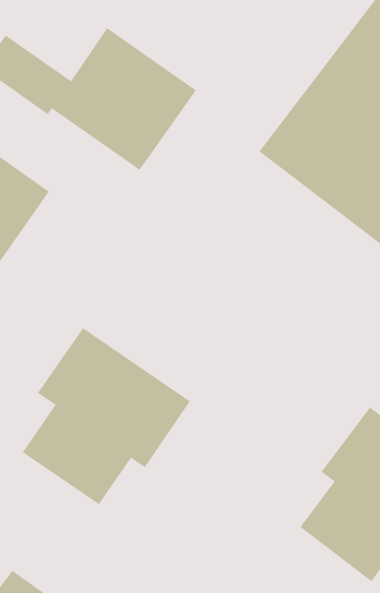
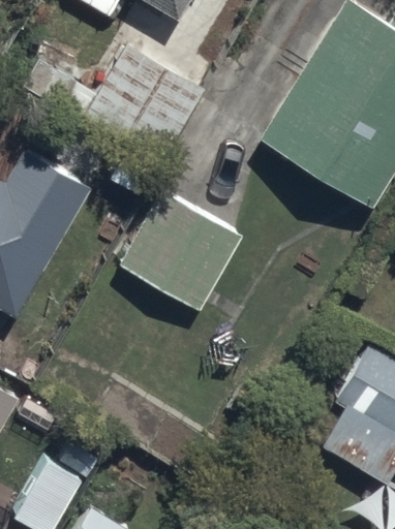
building: none -> [118,190,243,311]
building: [22,327,191,505] -> none

